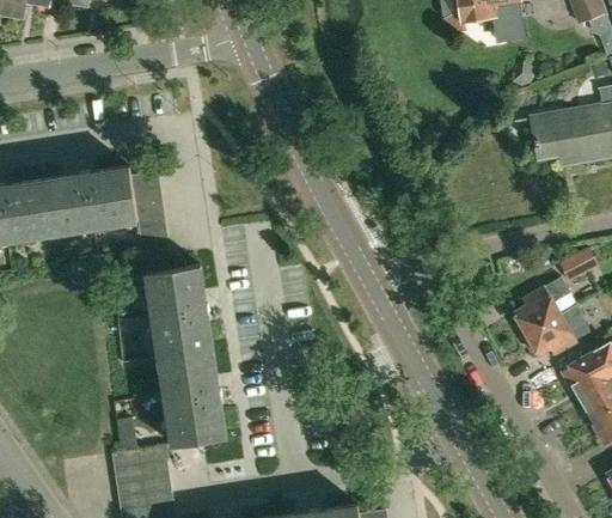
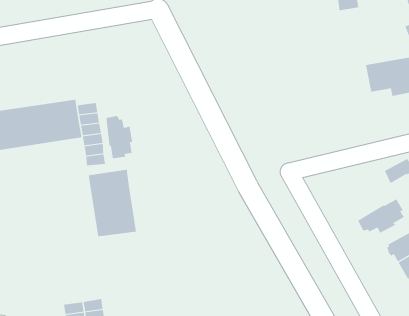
building: none -> [106,115,133,159]
building: [513,279,576,337] -> none
building: [158,353,226,446] -> none

